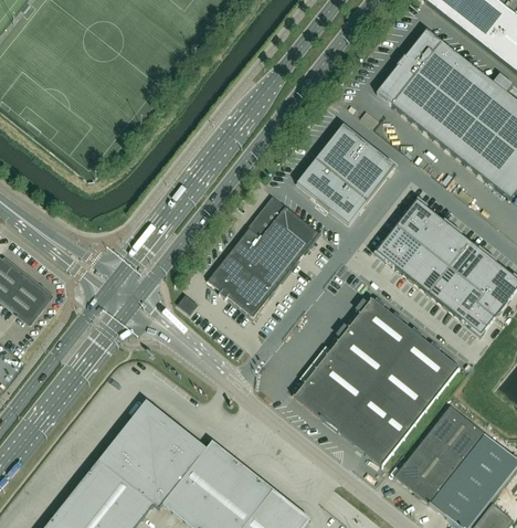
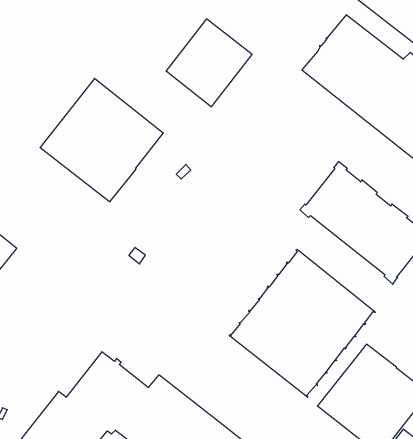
building: none -> [40,78,163,202]
building: [296,123,394,223] -> [166,19,252,107]
building: [207,193,319,315] -> none

